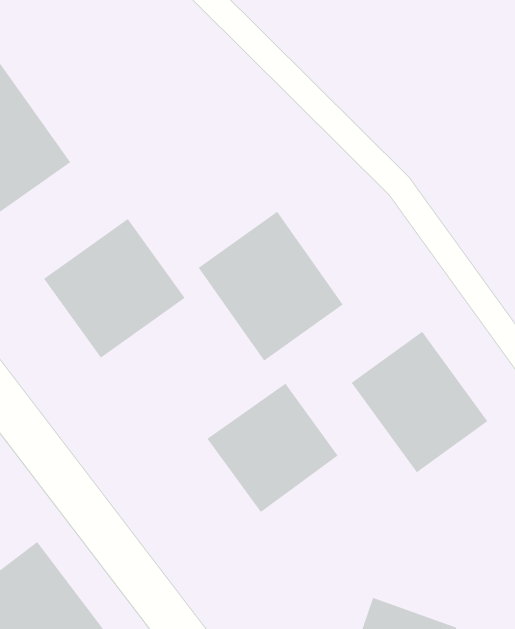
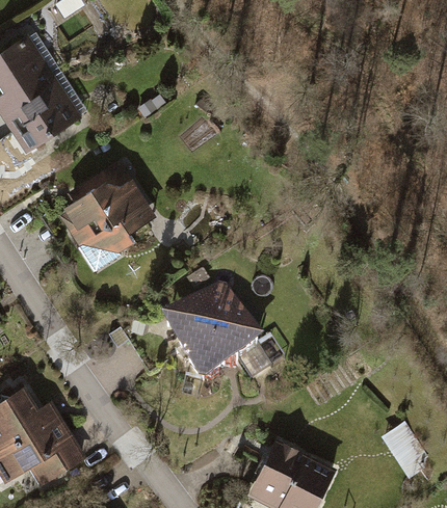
building: [198,211,343,361] -> none
building: [351,331,488,473] -> none

